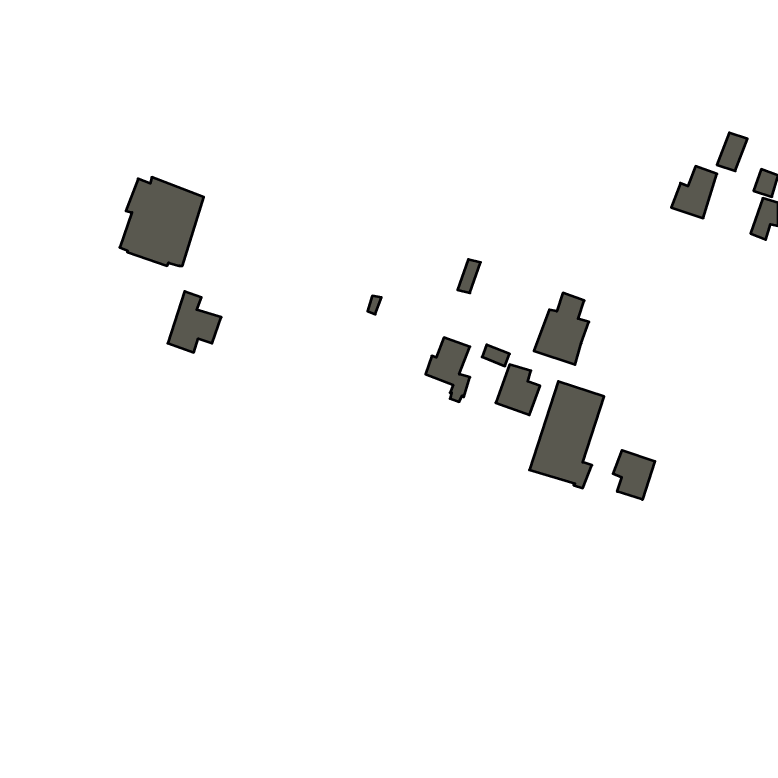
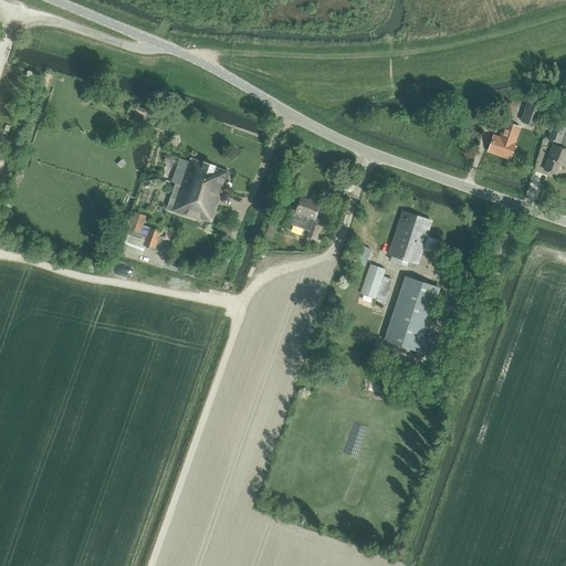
building: [120,177,204,266] -> [166,157,227,221]
building: [426,338,470,402] -> [287,197,319,243]
building: [613,450,655,500] -> none

